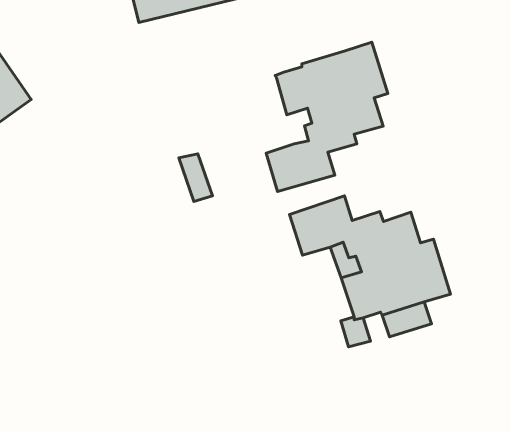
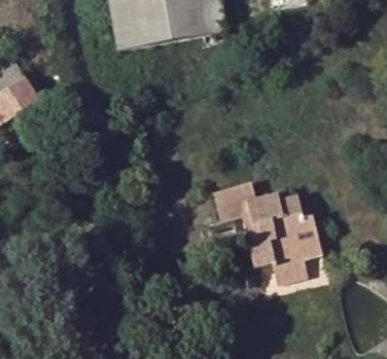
building: [266,42,388,191] -> none

